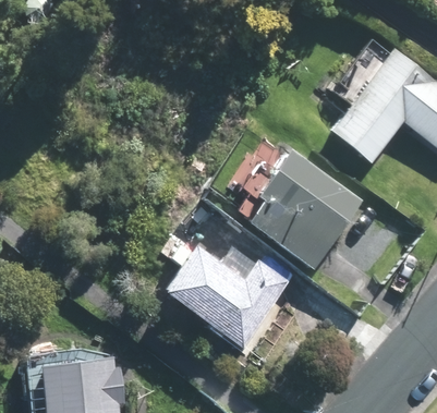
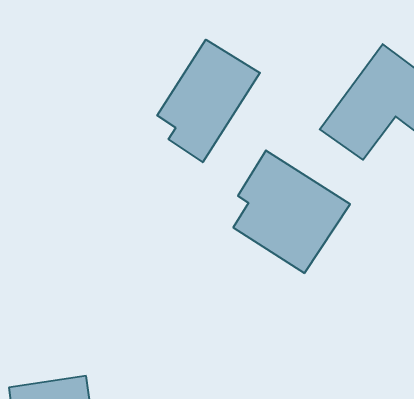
building: none -> [157,40,260,162]
building: [161,246,291,342] -> none

